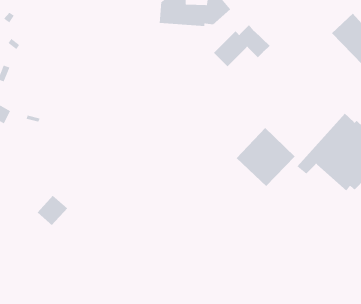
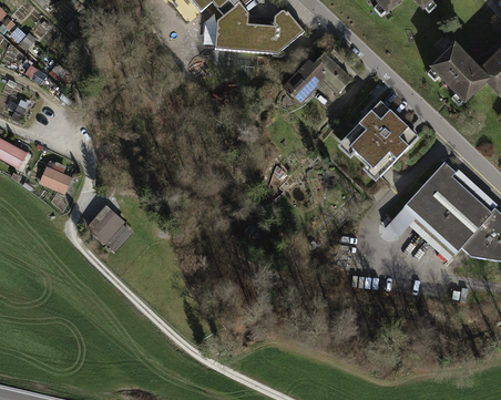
building: none -> [39,167,73,196]
building: [236,127,296,187] -> [340,100,415,174]
building: [37,195,68,226] -> [89,206,127,245]

